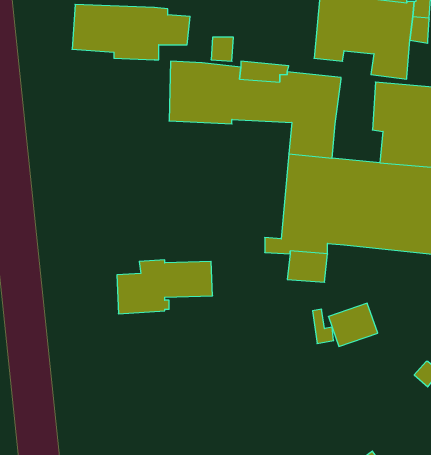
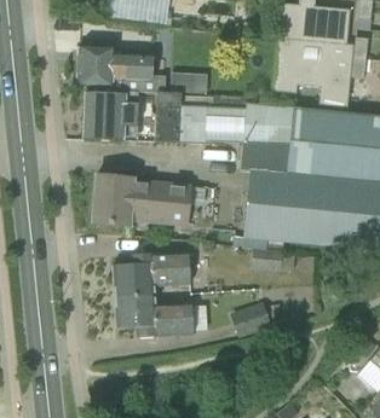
building: none -> [84,91,143,140]
building: none -> [287,108,328,175]
building: none -> [92,175,192,226]
building: [328,303,378,346] -> [230,302,270,337]
building: none -> [114,295,192,337]

